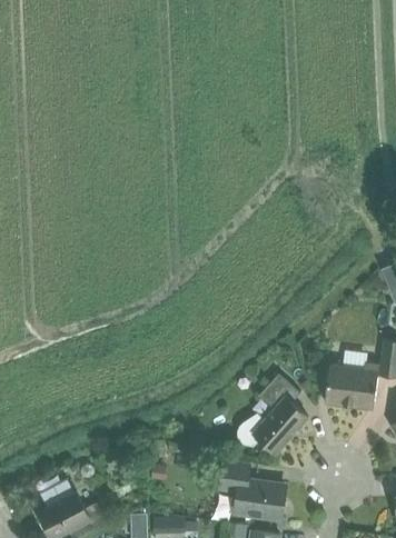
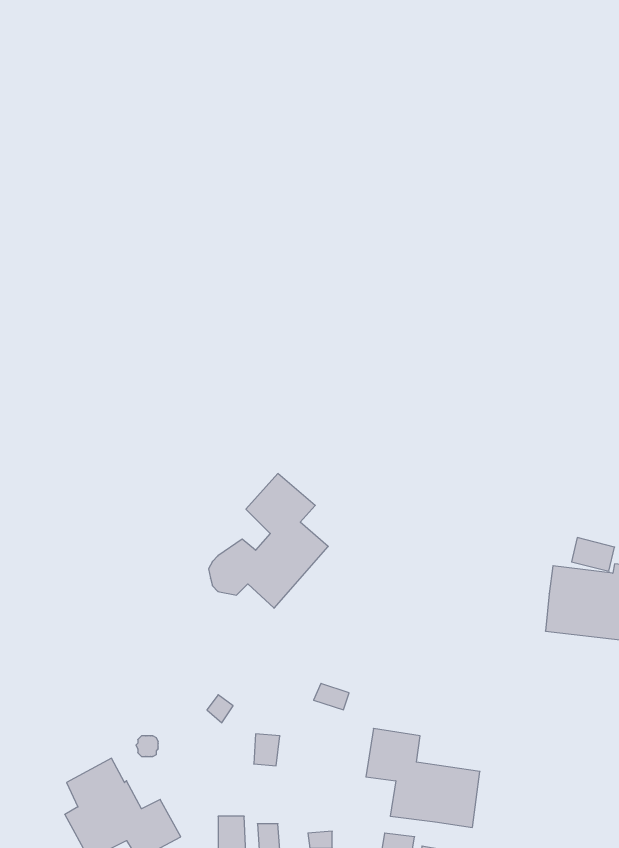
building: [237,375,308,455] -> [209,474,328,608]

